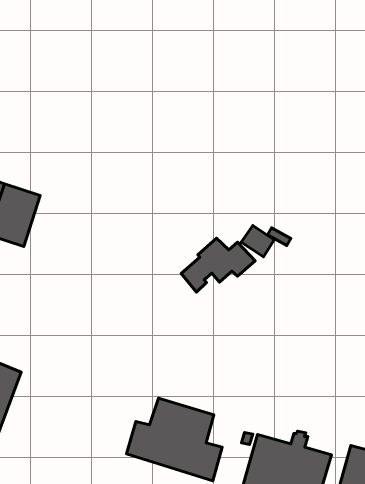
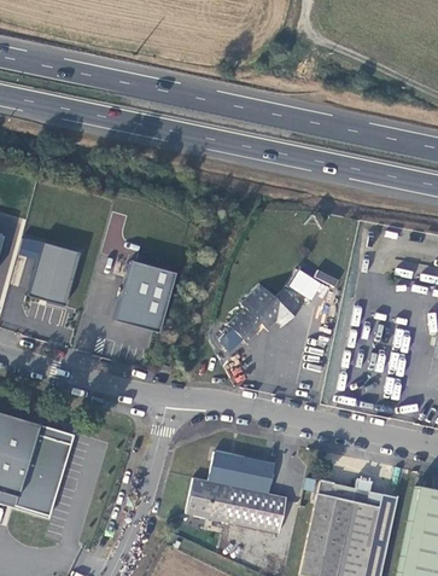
building: none -> [110,257,171,330]

